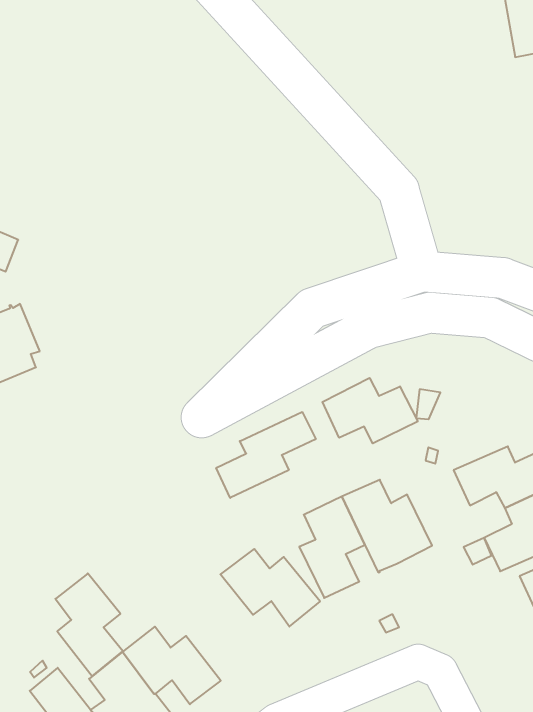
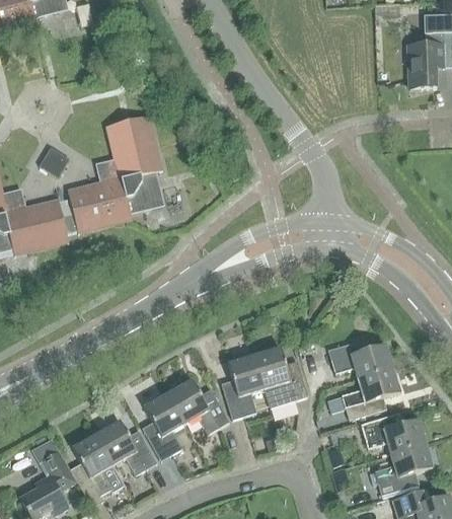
building: none -> [64,116,162,232]
building: [322,378,418,443] -> none
building: [216,412,316,498] -> none
building: [55,573,123,676] -> [142,393,184,460]

